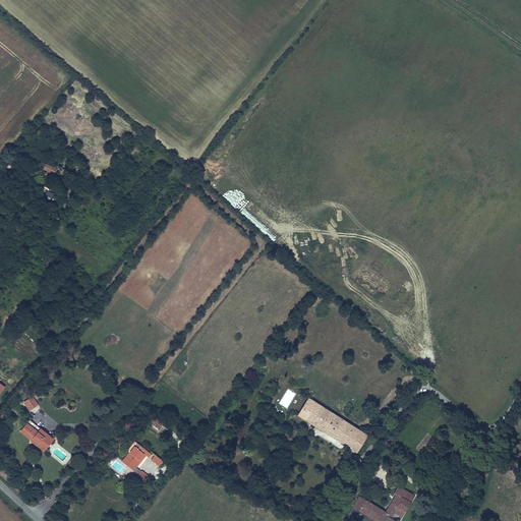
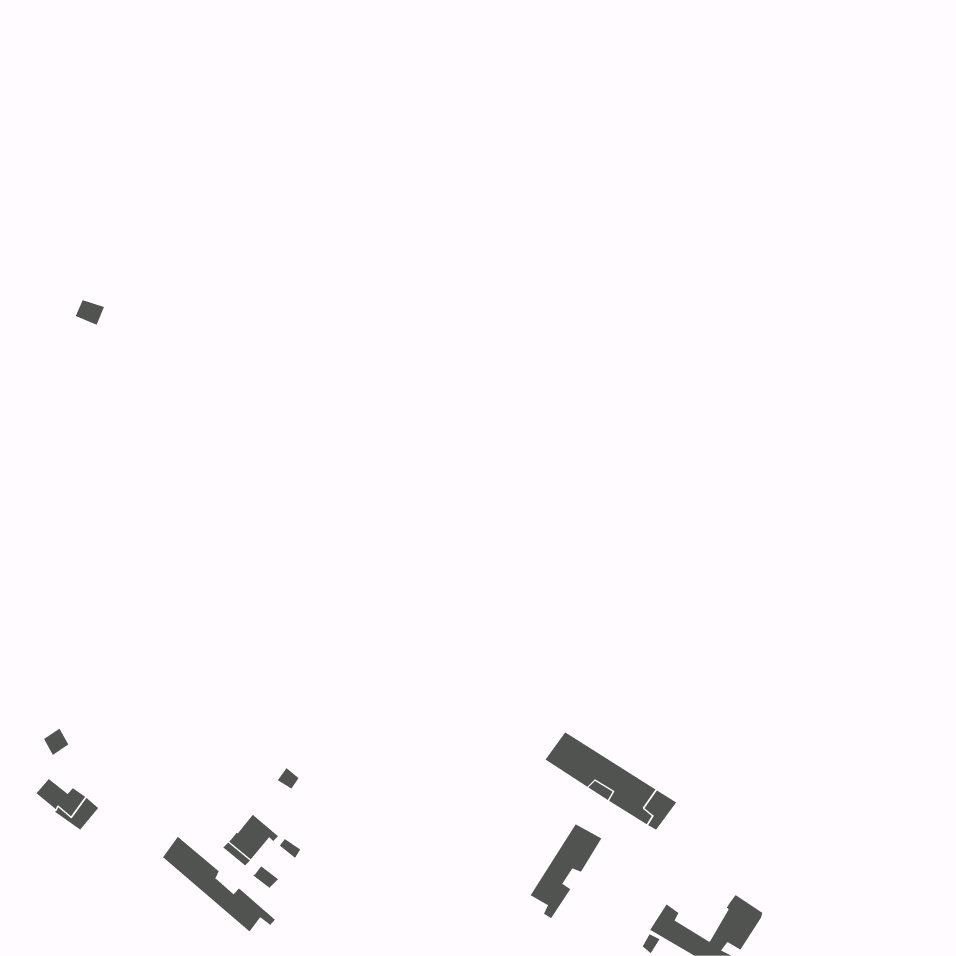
building: none -> [530,823,602,919]
building: none -> [162,836,276,932]

